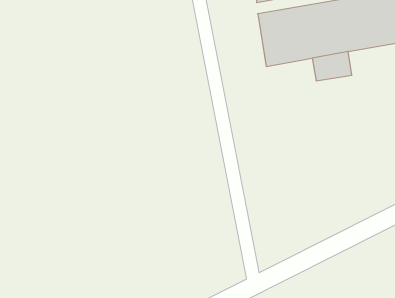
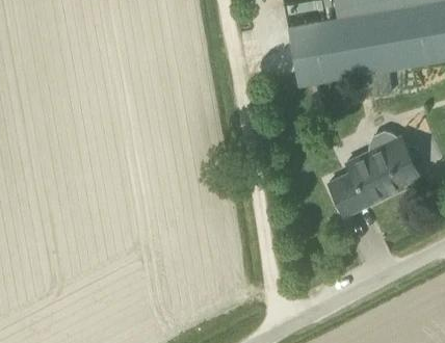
building: none -> [331,129,423,214]

